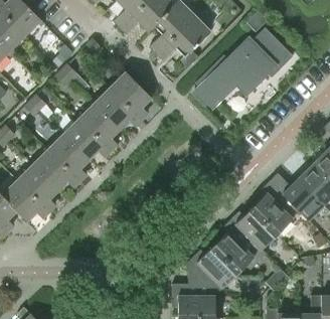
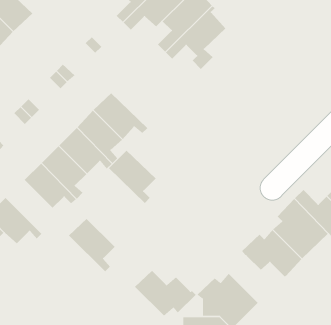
building: [196,28,294,106] -> none
building: [110,72,152,120] -> [108,150,156,204]
building: [17,165,58,212] -> [68,218,115,272]
building: [212,231,267,273] -> [134,269,196,317]

